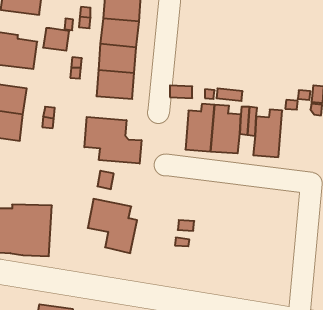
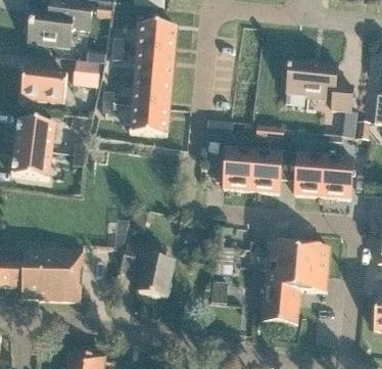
building: none -> [285,60,351,111]
building: none -> [321,147,352,198]
building: [84,117,141,164] -> none
building: none -> [260,241,329,323]

